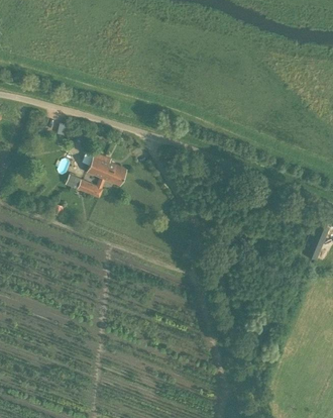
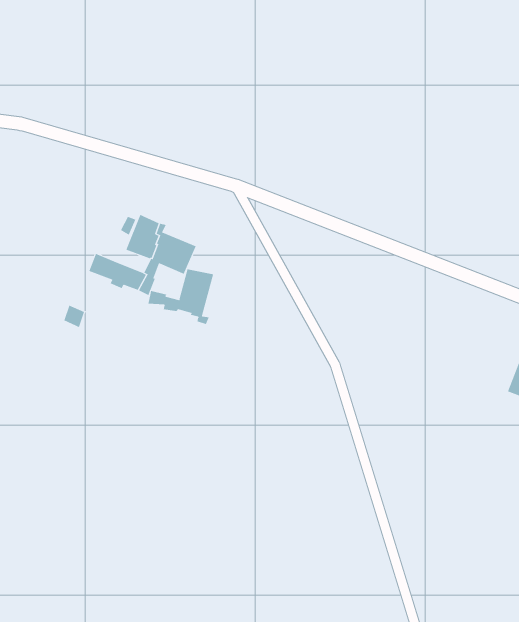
building: none -> [148,268,214,325]

